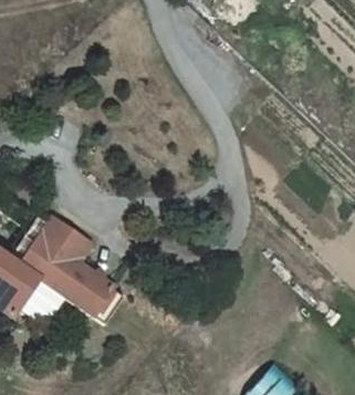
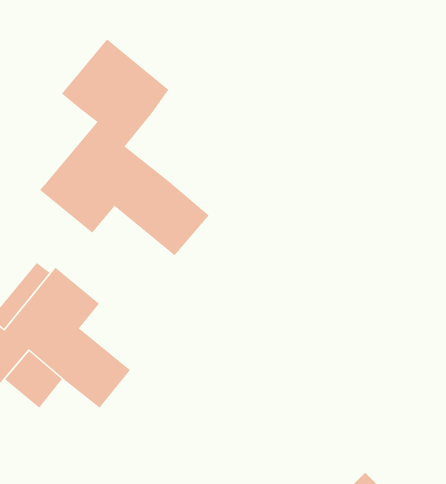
building: none -> [39,39,209,256]

